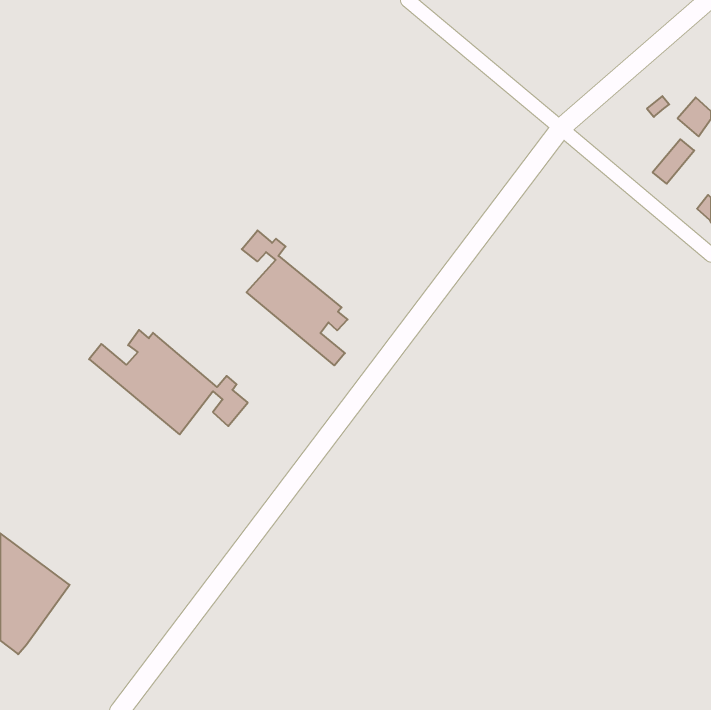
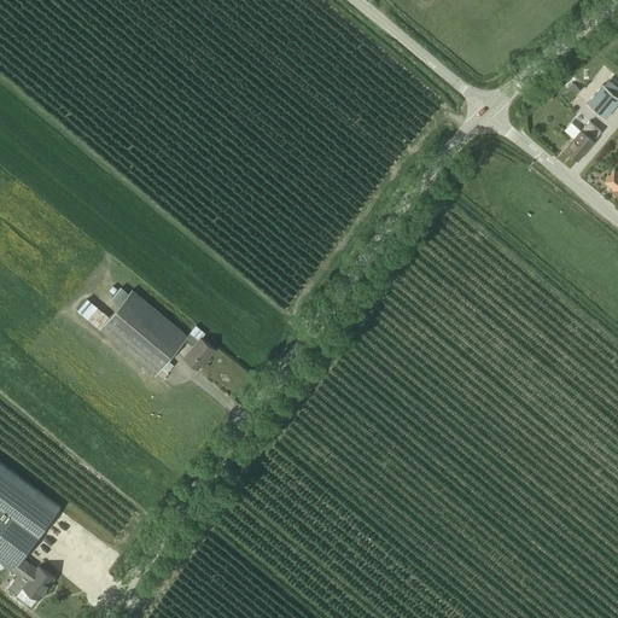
building: [242,230,348,365] -> none
building: none -> [13,560,54,600]

